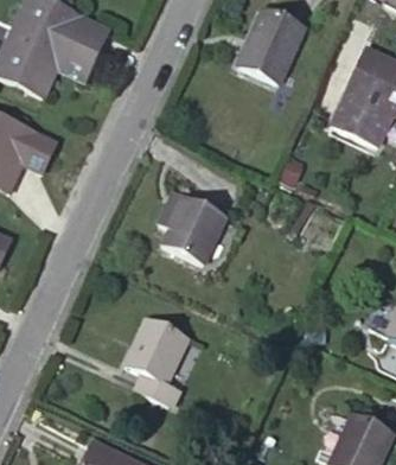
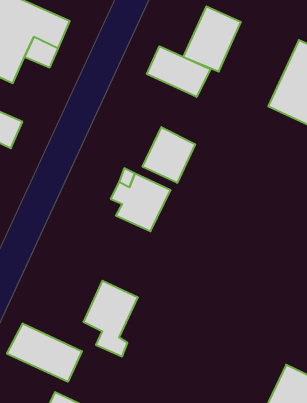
building: none -> [147,46,211,97]
building: none -> [143,127,195,183]
building: none -> [7,323,82,382]

